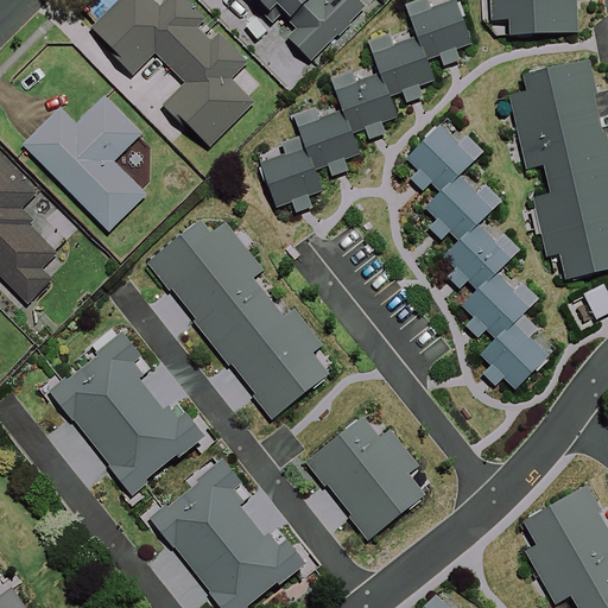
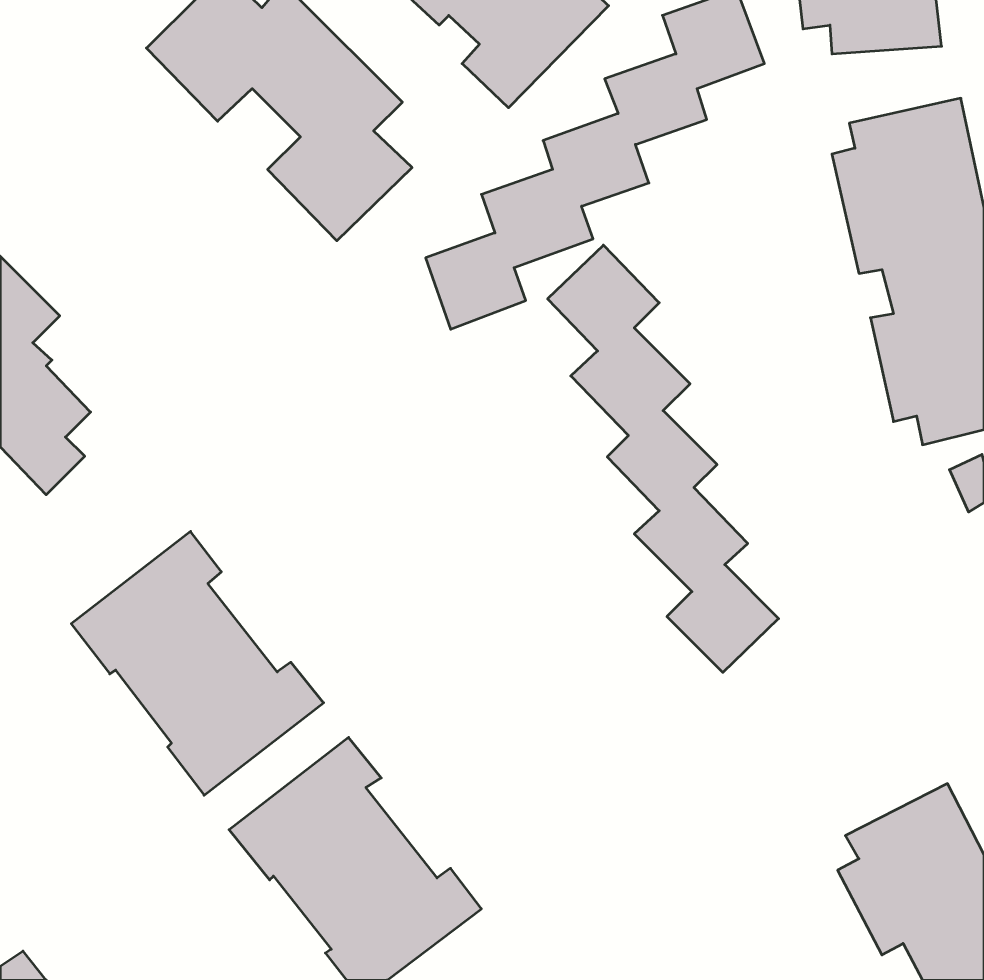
building: [24,100,145,233] -> none
building: [410,122,552,386] -> [548,245,779,672]
building: [145,214,329,418] -> none
building: [300,412,420,537] -> none

